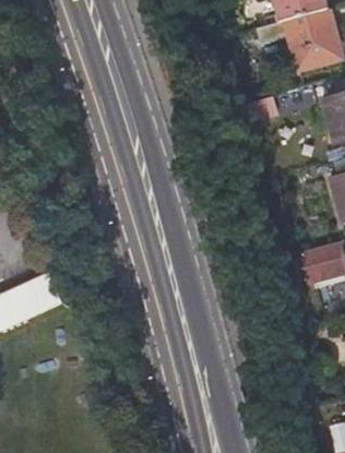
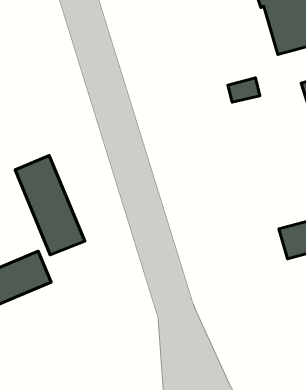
building: none -> [15,156,85,255]

